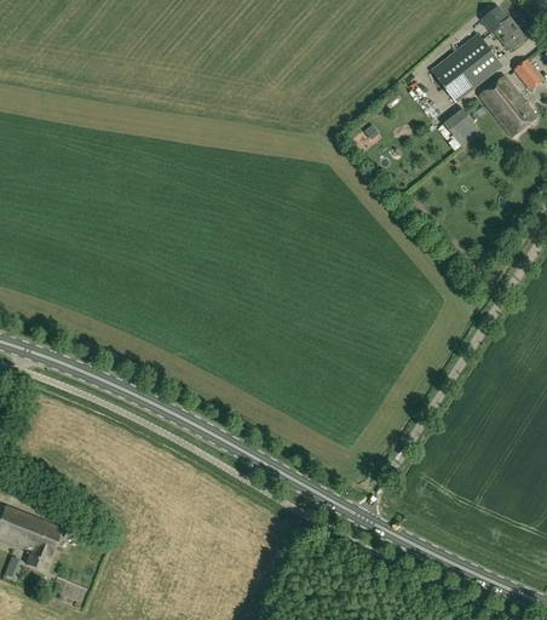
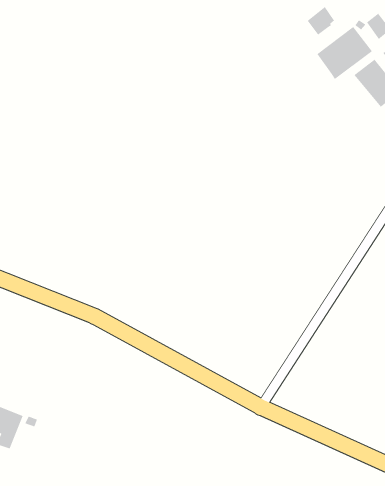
building: none -> [307,6,335,36]
building: [443,108,480,145] -> none

